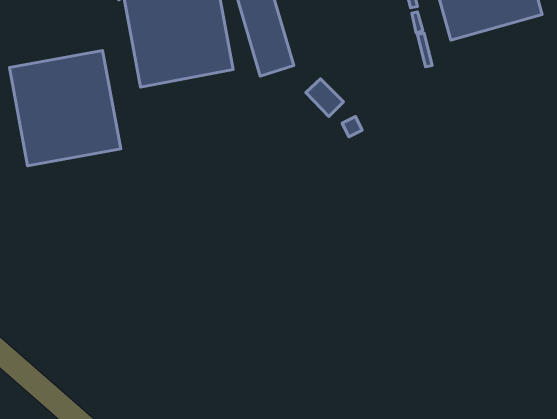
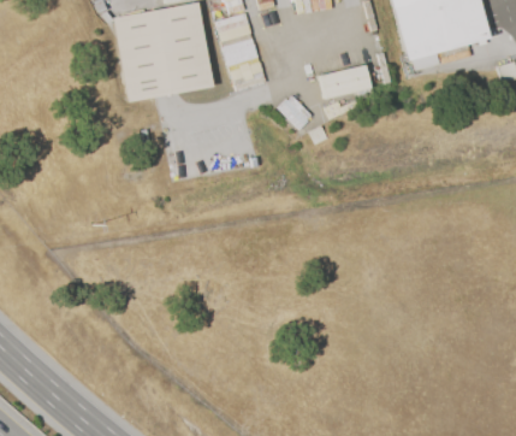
building: none -> [320,64,370,98]
building: [9,51,121,166] -> none

